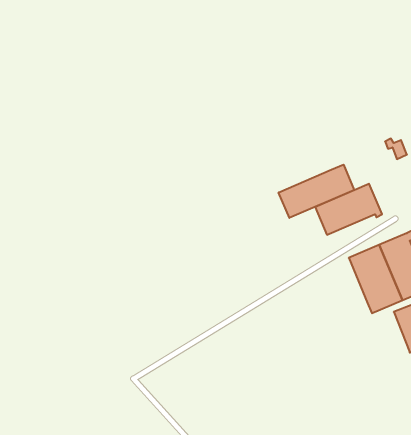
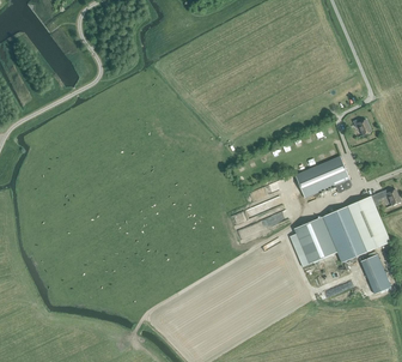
building: [279,165,354,218] -> none
building: none -> [294,216,337,265]

